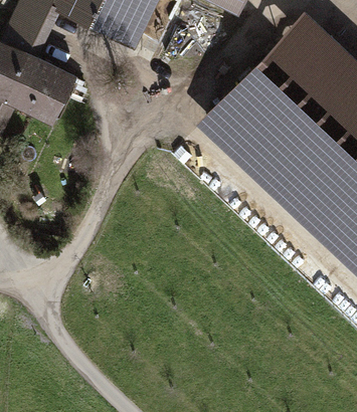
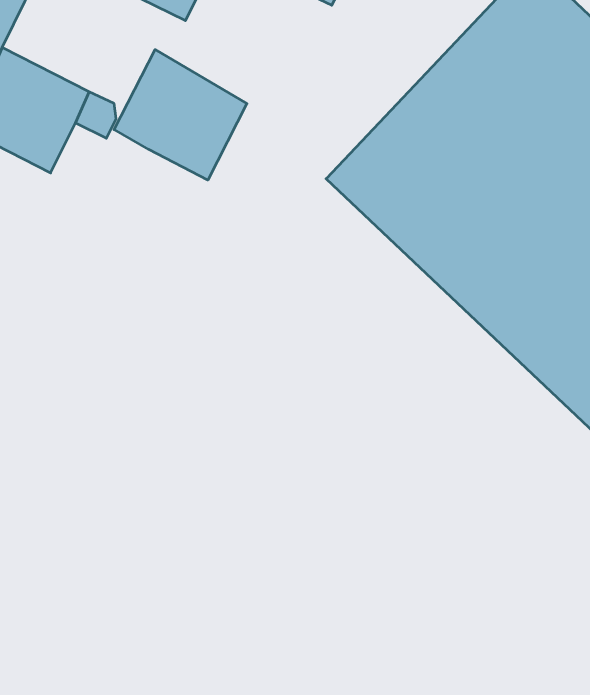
building: none -> [114,50,247,180]

